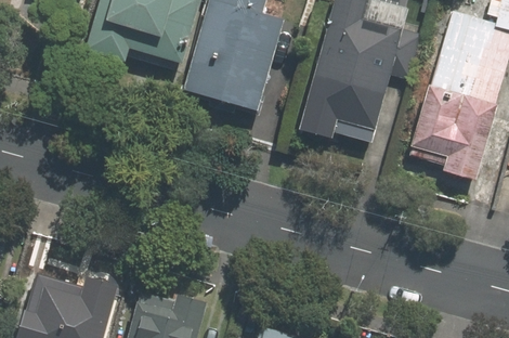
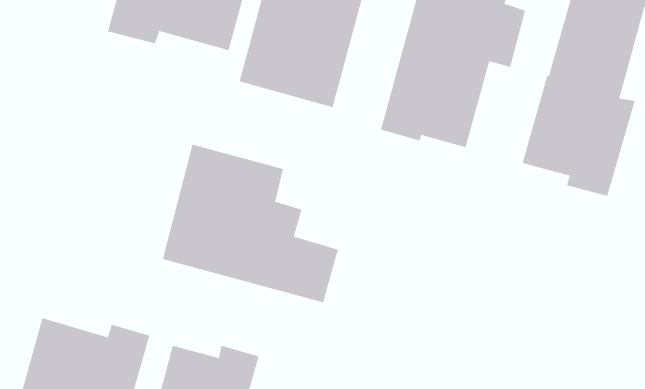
building: none -> [162,144,338,303]

